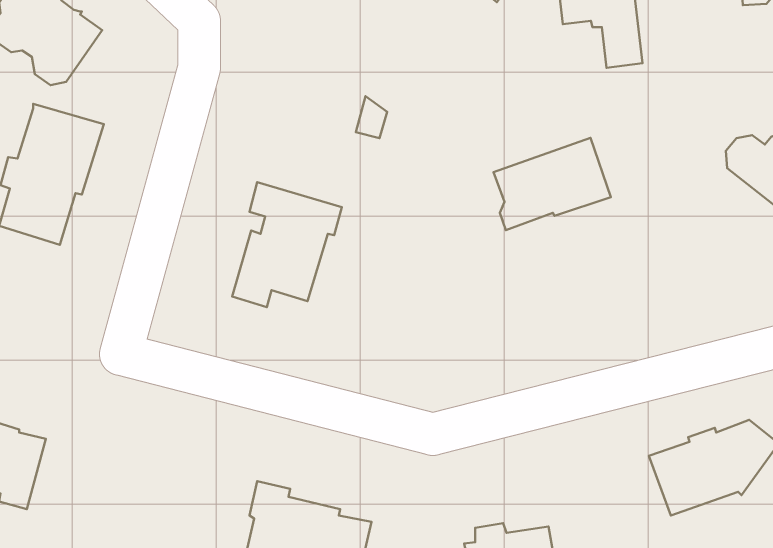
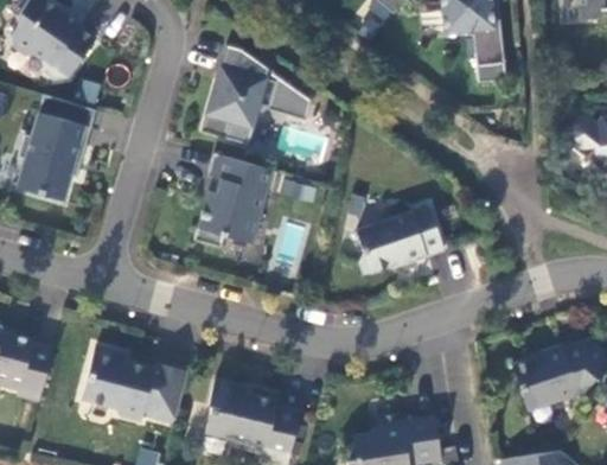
building: none -> [202,45,277,139]
building: [493,138,611,230] -> [351,204,440,274]
building: none -> [82,348,189,425]

